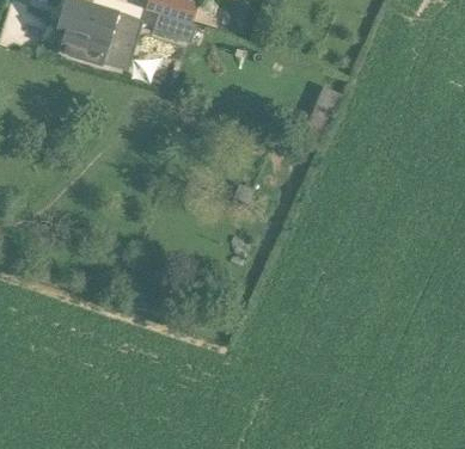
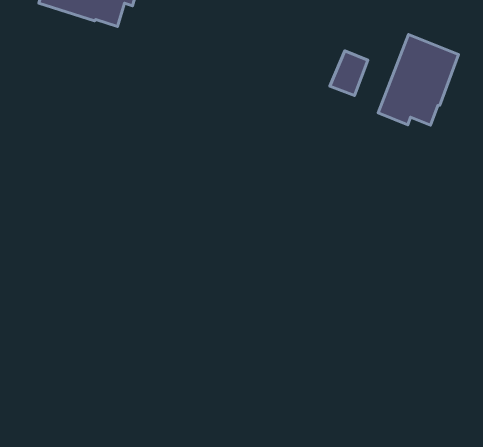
building: none -> [378,35,458,125]

